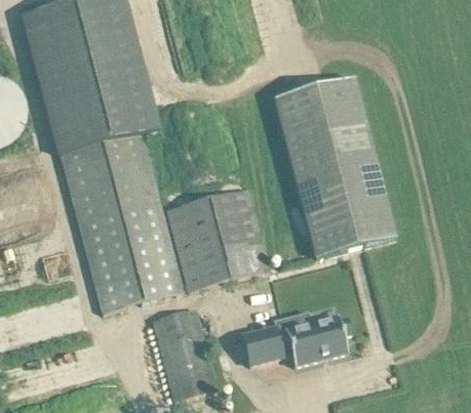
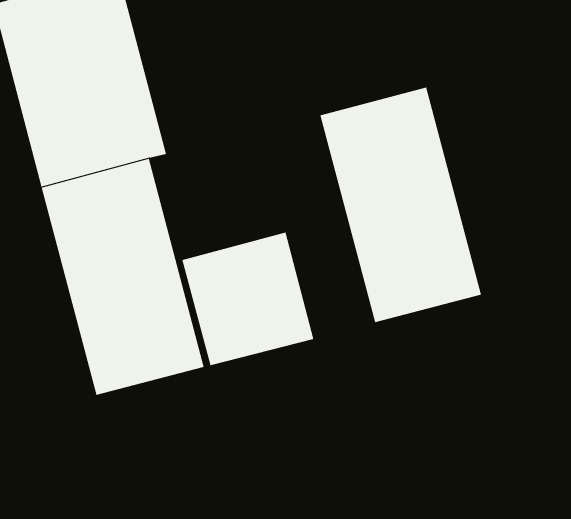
building: [153,306,217,399] -> none
building: [241,315,351,364] -> none

